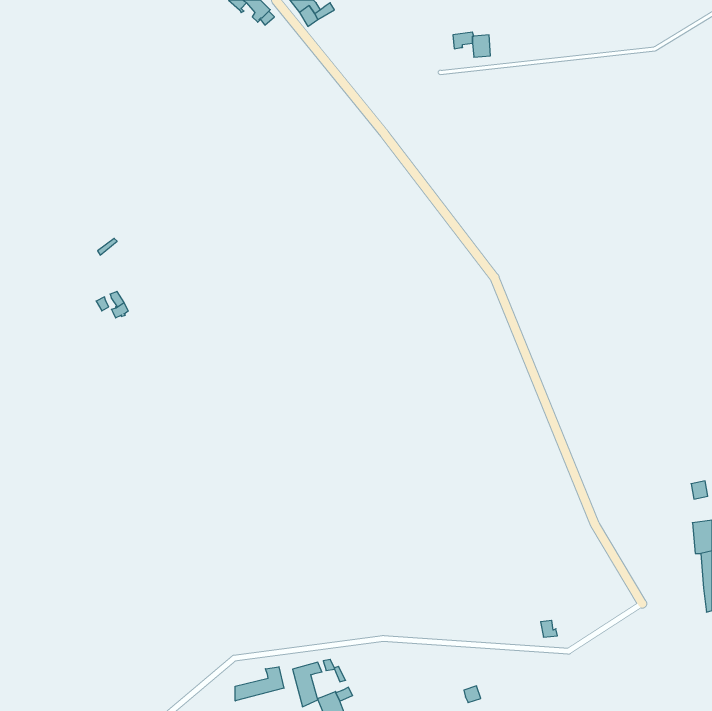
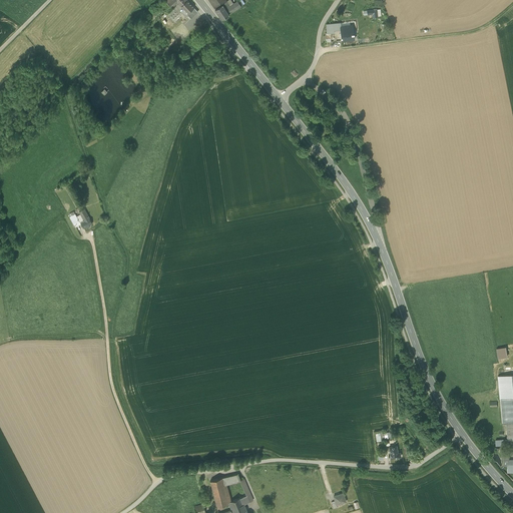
building: [235,667,284,701] -> none

